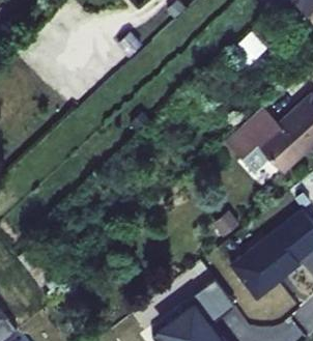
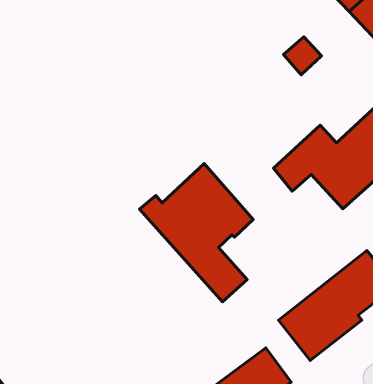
building: none -> [140,164,253,302]

